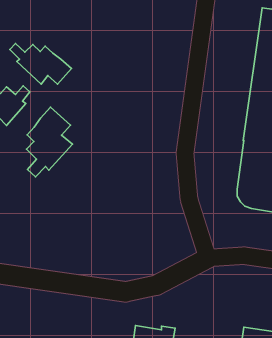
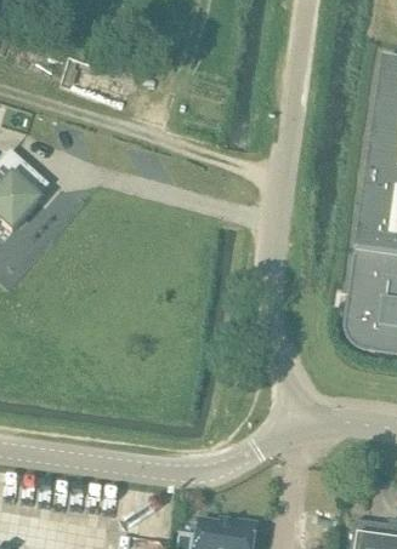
building: [10,44,71,84] -> none
building: [26,107,73,177] -> none

